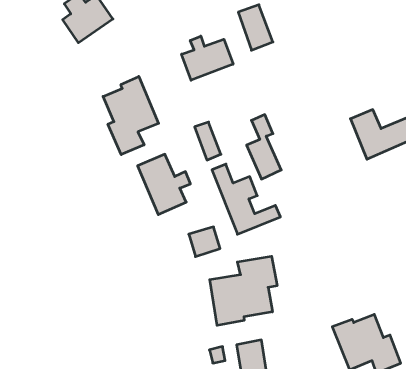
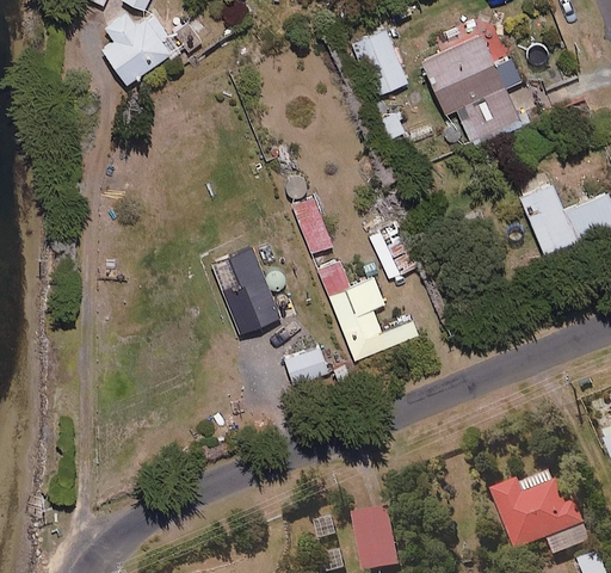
building: none -> [425,39,519,146]
building: [182,36,233,80] -> none
building: [103,76,159,155] -> none
building: [210,256,277,325] -> none

